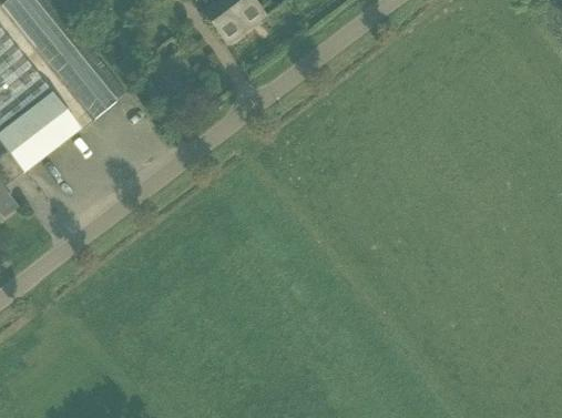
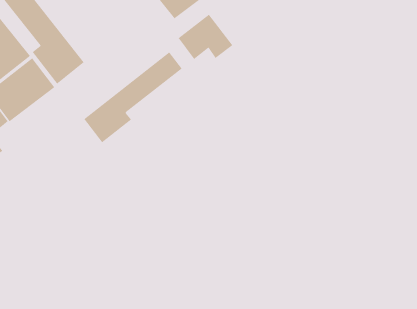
building: none -> [178,14,233,60]
building: none -> [84,51,183,143]

